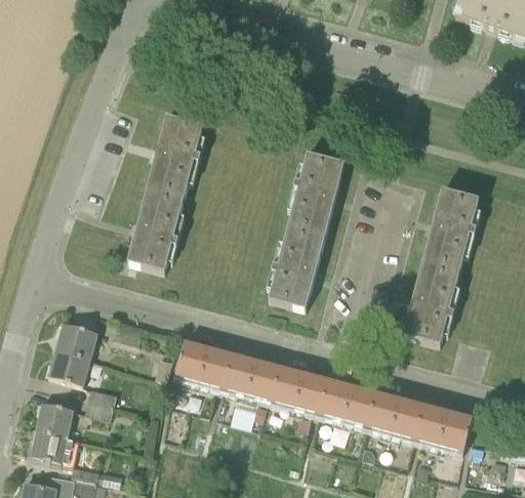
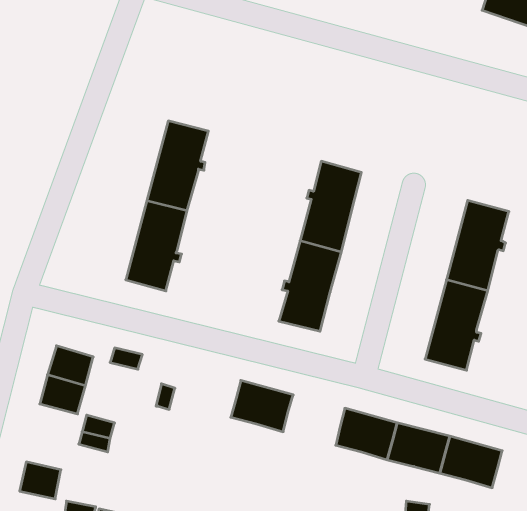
building: [175,341,233,387] -> none
building: [272,367,328,413] -> none
building: [36,402,74,435] -> none

